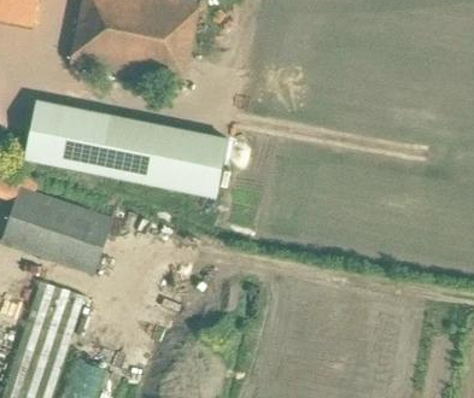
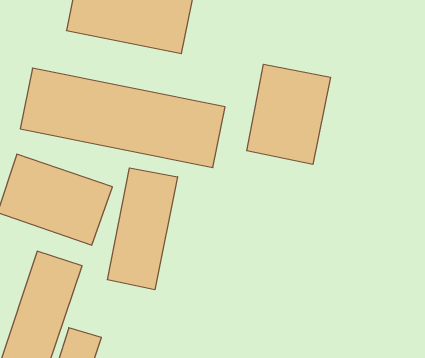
building: none -> [247,64,330,164]
building: none -> [107,168,178,290]

